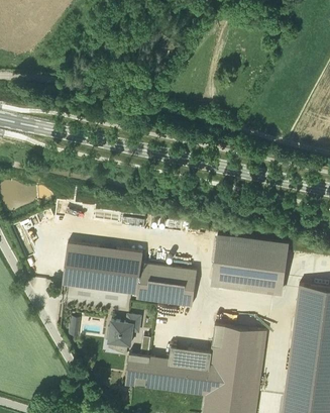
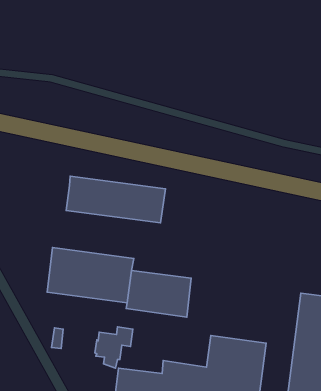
building: none -> [66,176,166,223]
building: [211,234,289,296] -> none

